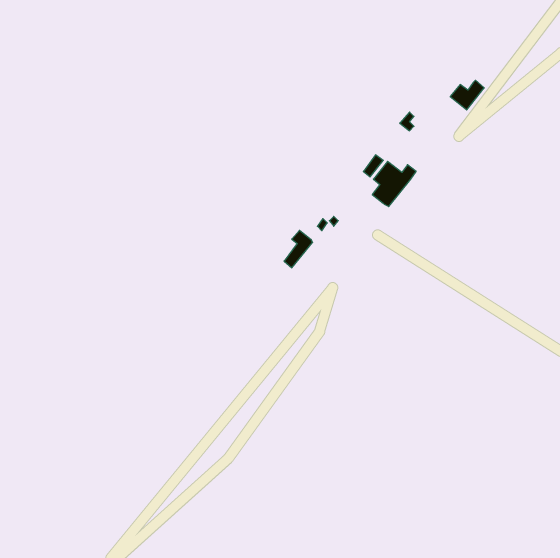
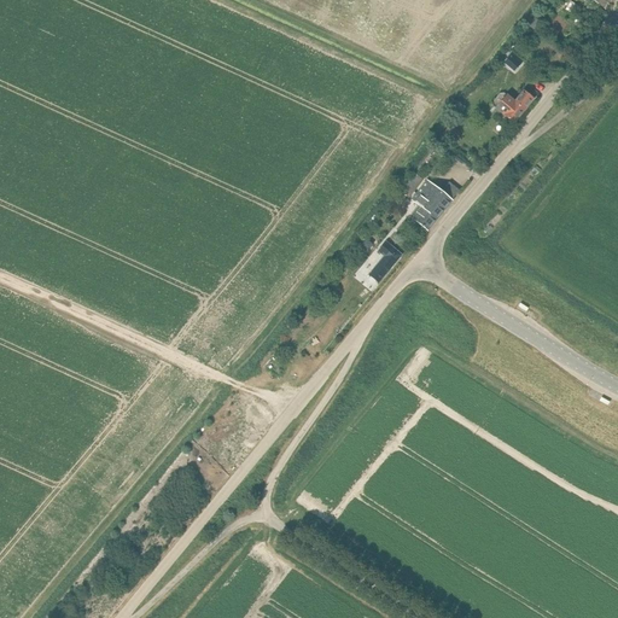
building: [284,230,313,268] -> [371,239,402,280]

